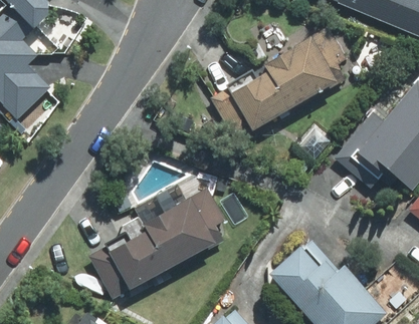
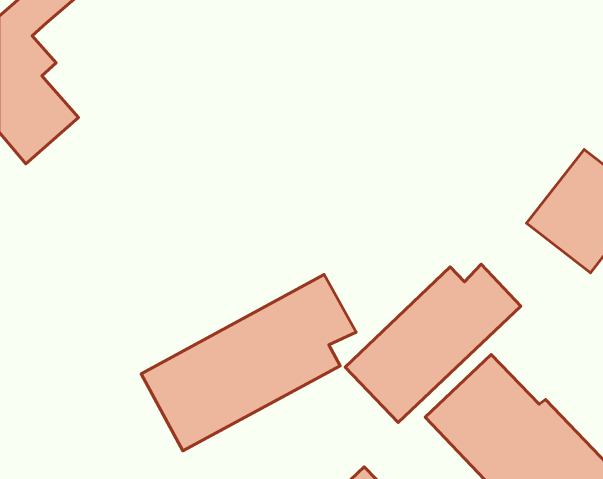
building: [211,27,348,140] -> none
building: none -> [345,264,521,423]

